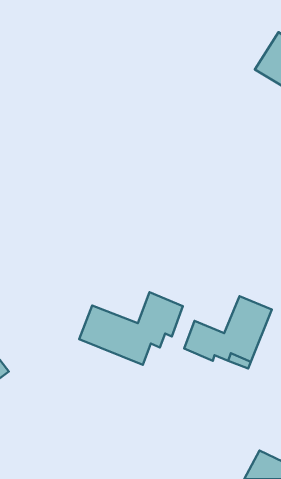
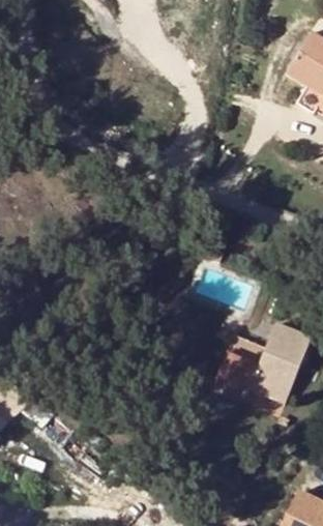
building: [79,292,183,365] -> none

